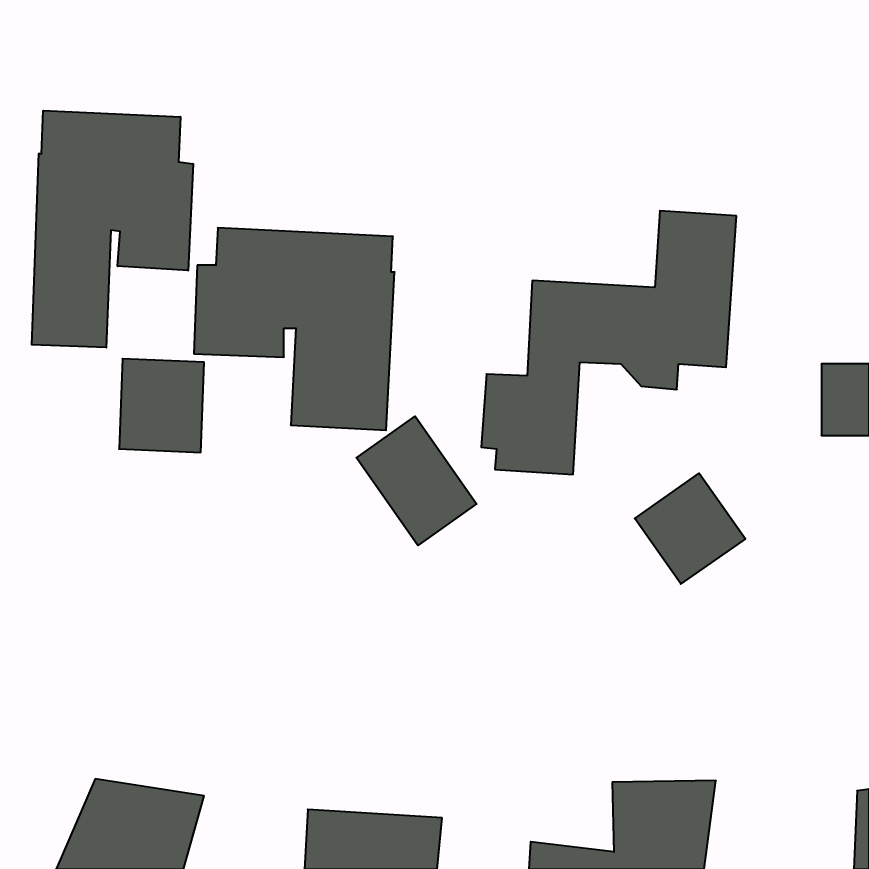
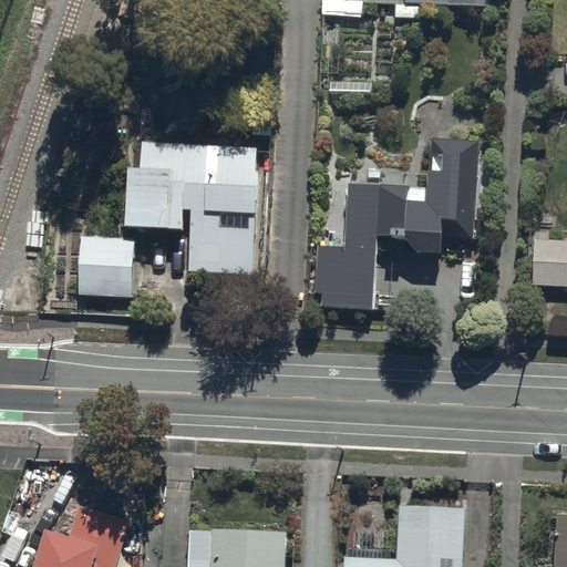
building: [32,111,193,348] -> none
building: [356,416,477,545] -> none
building: [635,473,745,584] -> none

